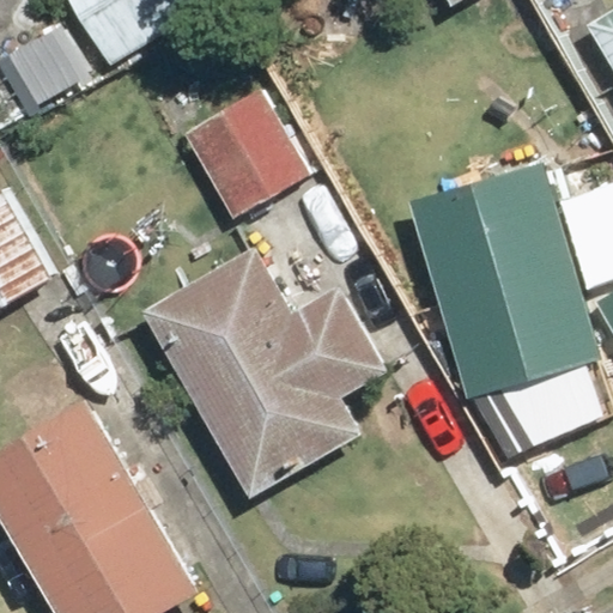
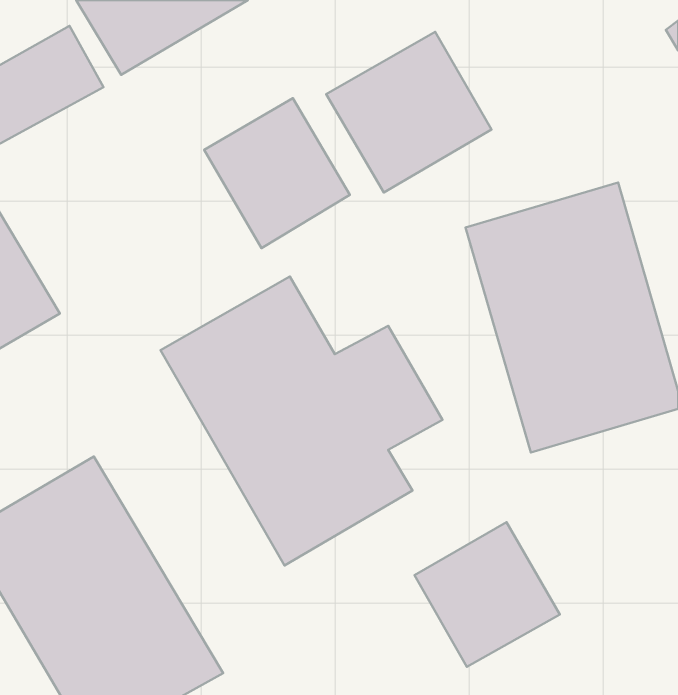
building: none -> [326,32,491,192]
building: none -> [415,522,560,667]

